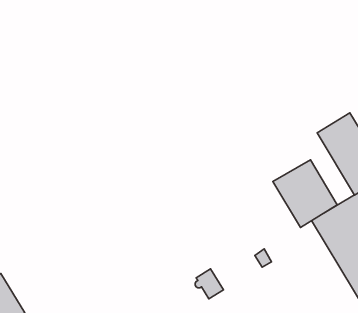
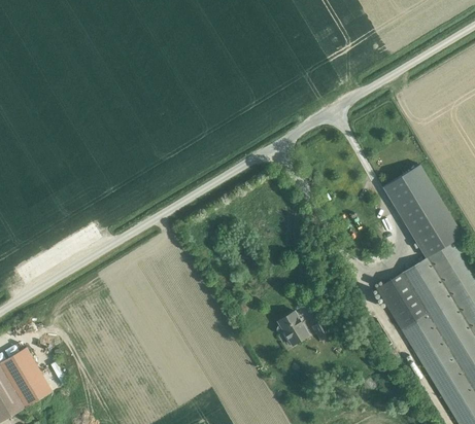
building: [273,160,337,227] -> none
building: [195,269,223,299] -> [277,312,309,346]

